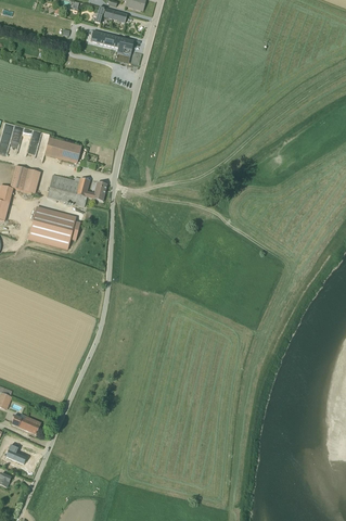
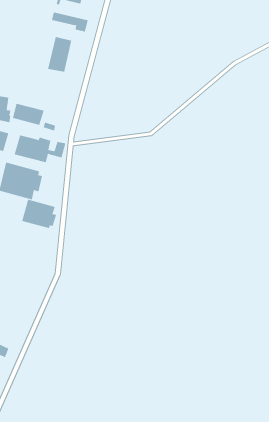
building: none -> [48,36,72,73]
building: none -> [22,199,57,229]

